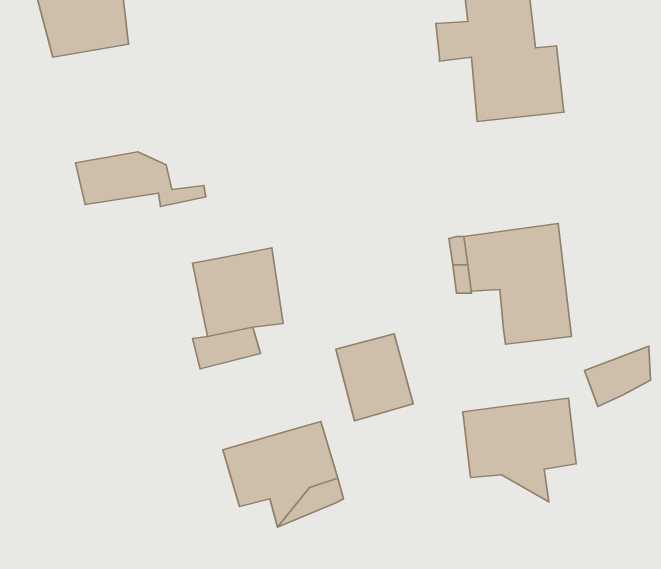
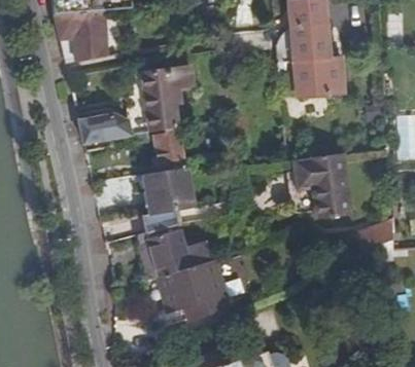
building: none -> [143,66,193,133]
building: none -> [153,133,186,172]
building: [336,334,413,421] -> [149,229,192,277]
building: [463,398,576,502] -> none

